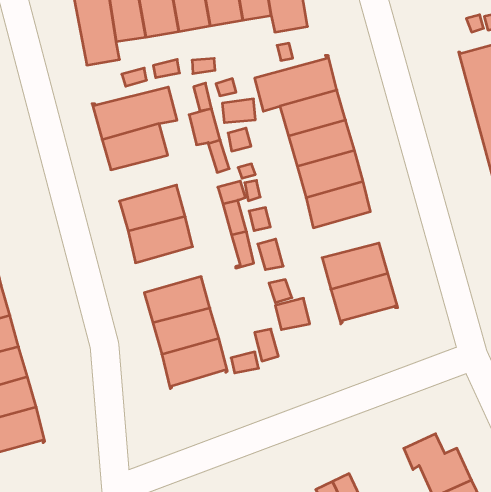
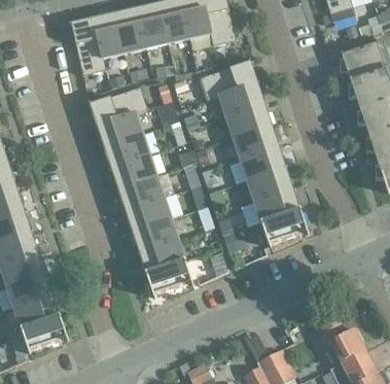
building: none -> [103,135,149,169]
building: none -> [246,167,292,201]
building: none -> [123,198,170,232]

